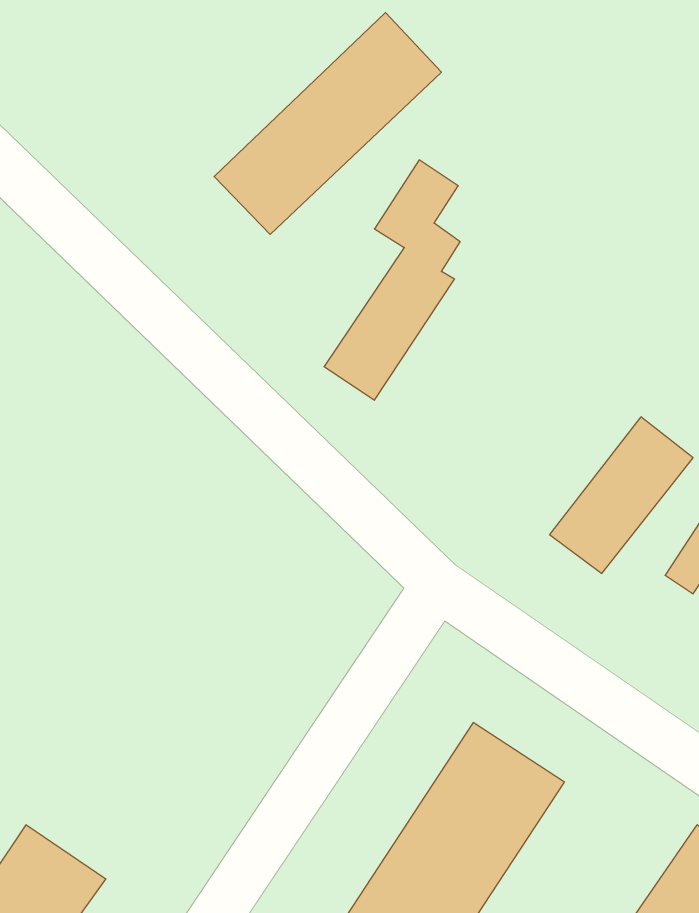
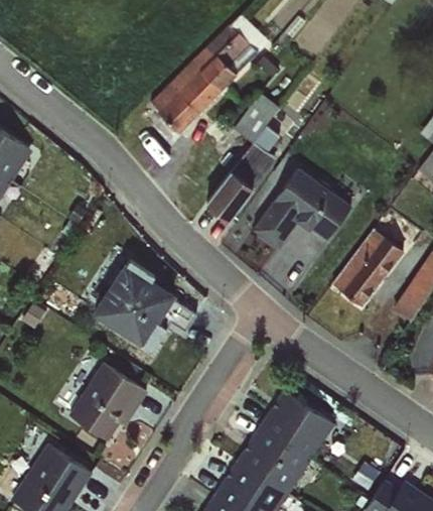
building: none -> [253,172,351,253]
building: none -> [89,261,193,357]
building: none -> [66,366,145,442]

